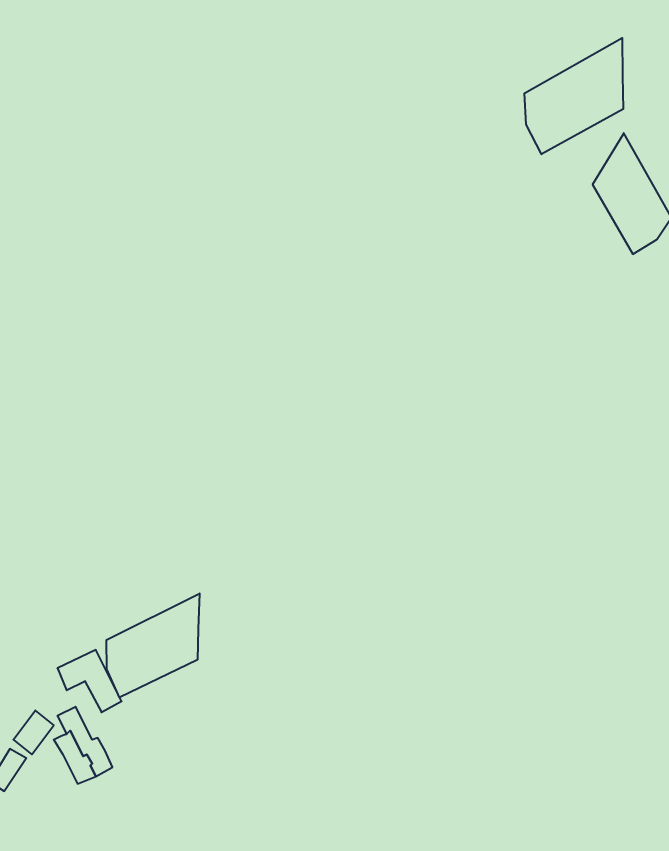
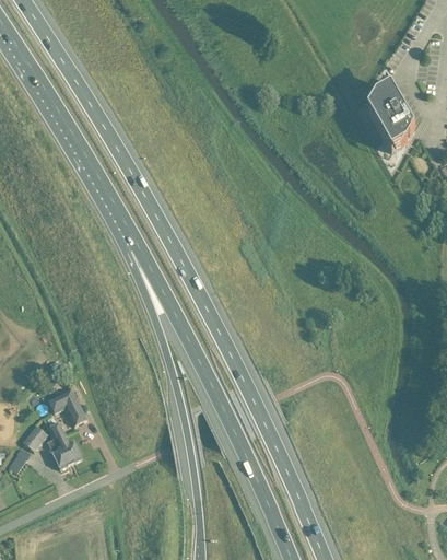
building: [524,38,623,154] -> none
building: [106,593,200,698] -> none

